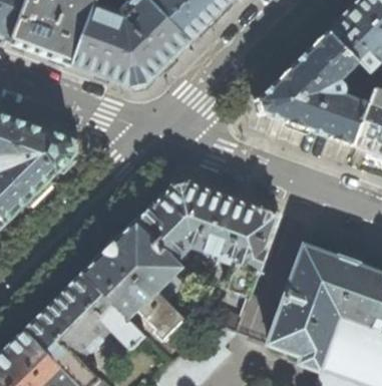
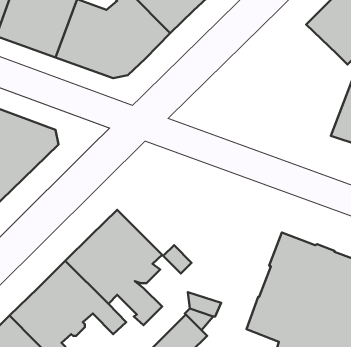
building: [262,30,371,145] -> none
building: [136,180,280,298] -> none

